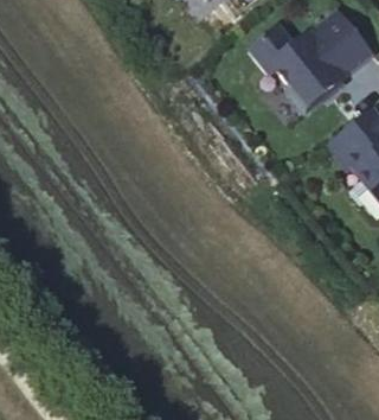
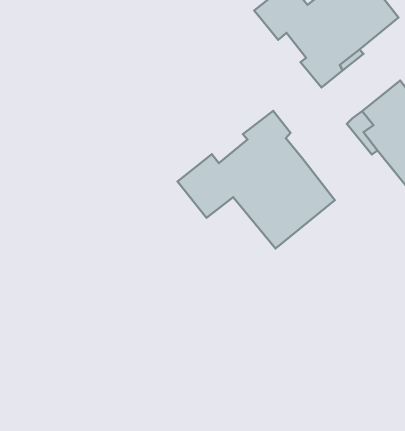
building: none -> [177,111,335,248]

